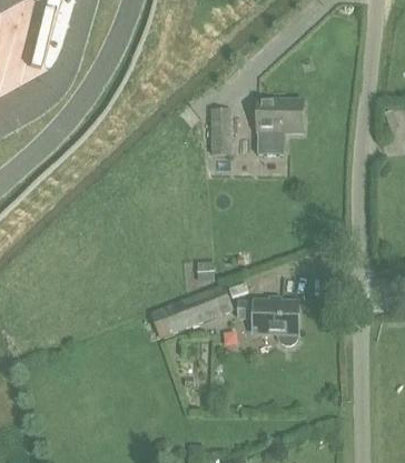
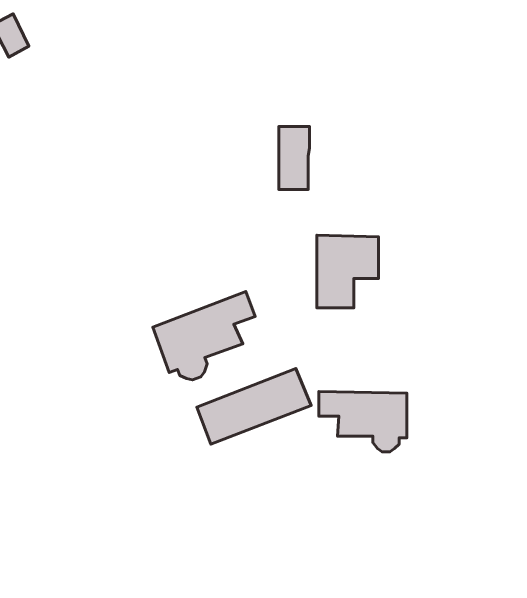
building: [258,100,303,152] -> [317,235,379,308]
building: none -> [153,291,255,380]

